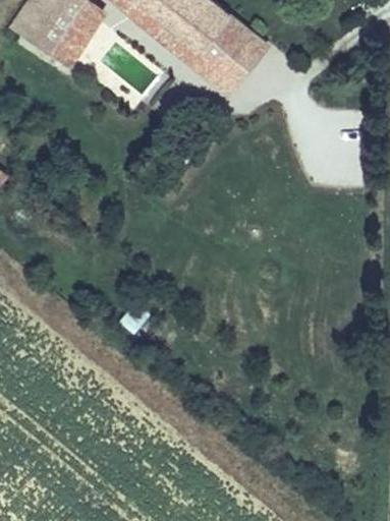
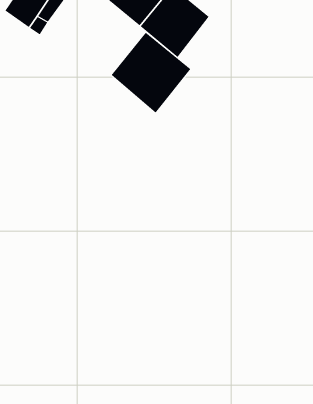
building: none -> [111,32,191,113]

